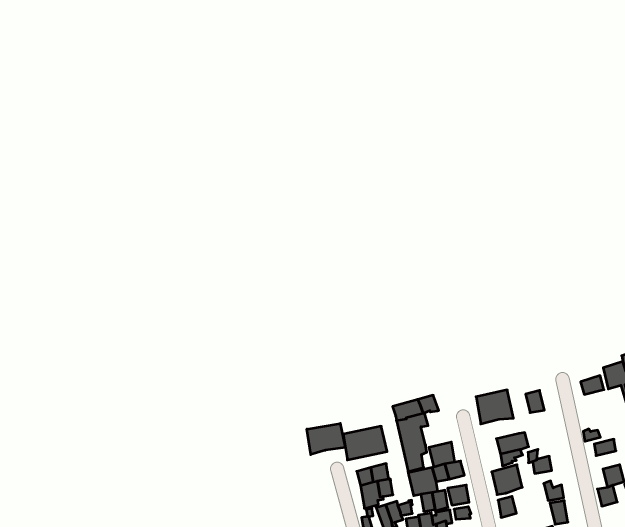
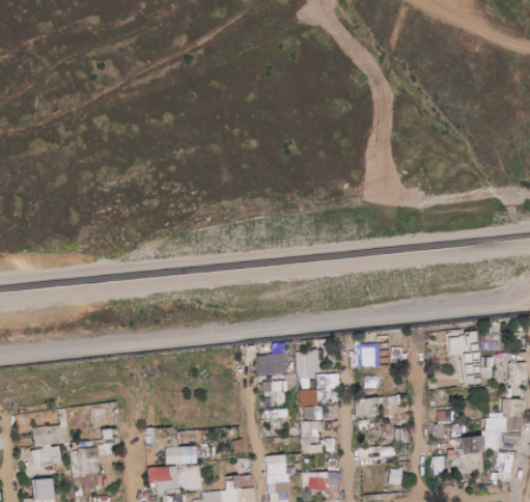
building: [307,423,345,455] -> none

